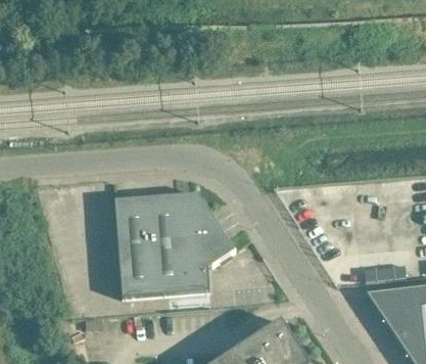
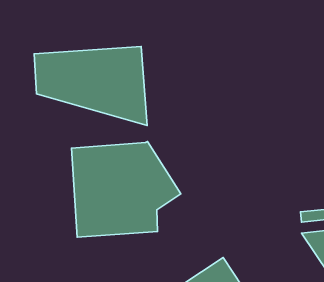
building: none -> [34,46,147,125]

